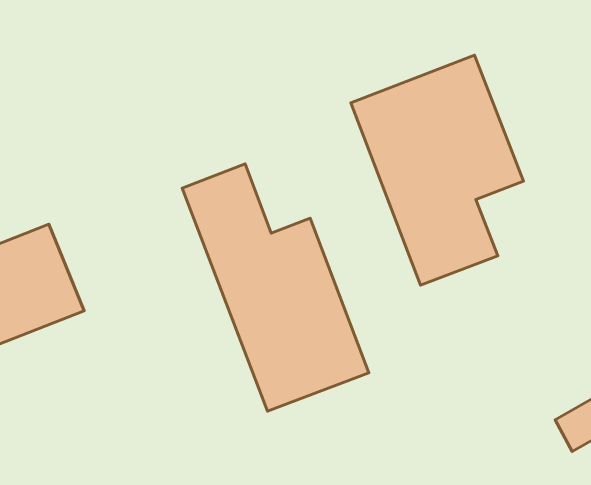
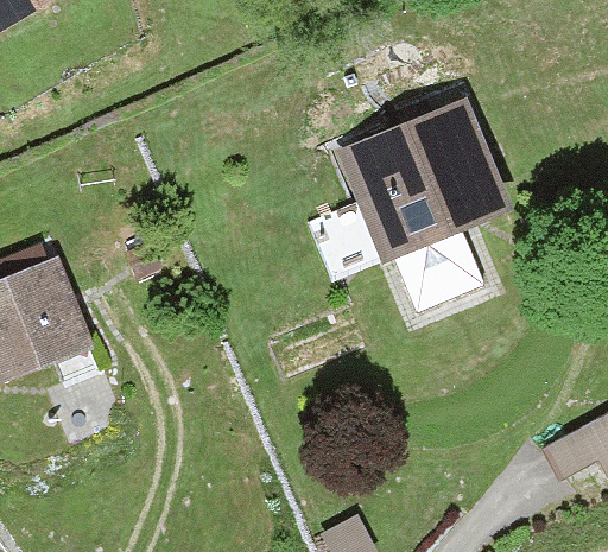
building: [182,164,369,411] -> none

